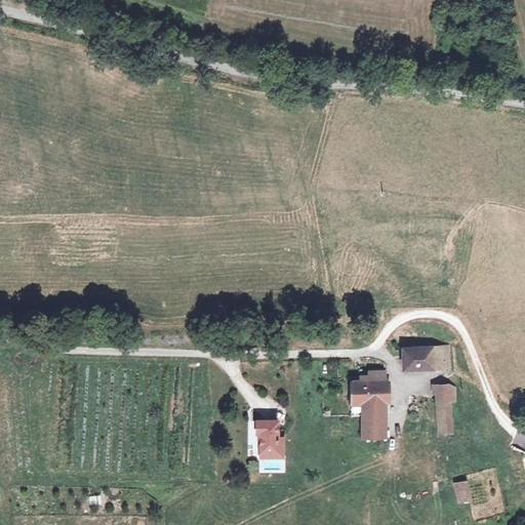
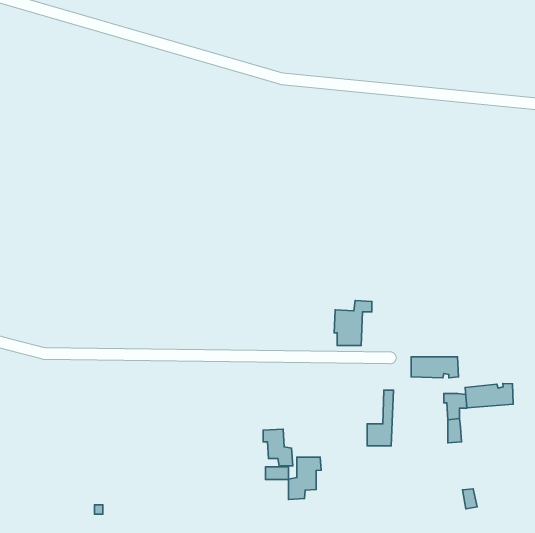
building: [349,370,386,414] -> [334,300,372,345]
building: none -> [465,384,513,408]
building: none -> [288,457,321,499]

